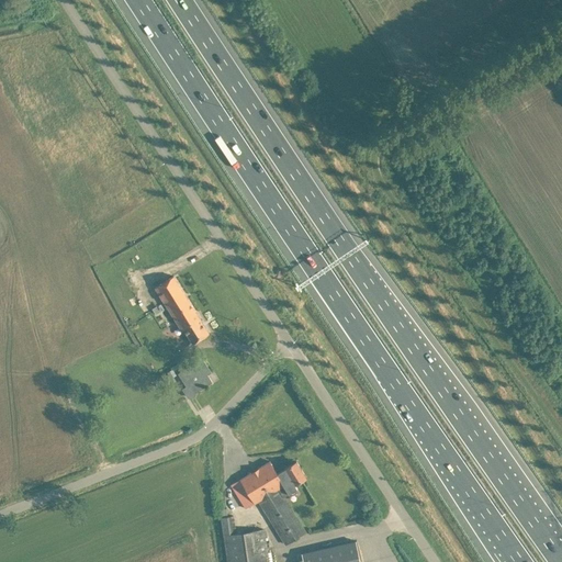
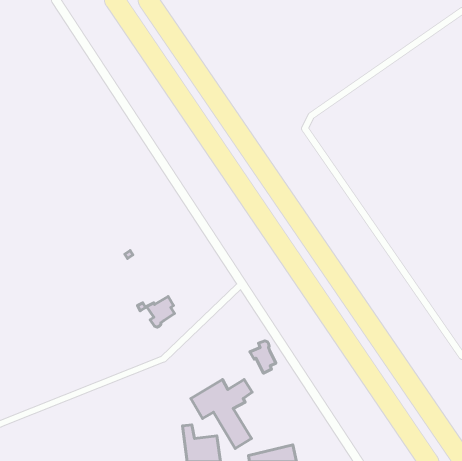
building: [155,277,209,344] -> none
building: none -> [250,341,276,373]

